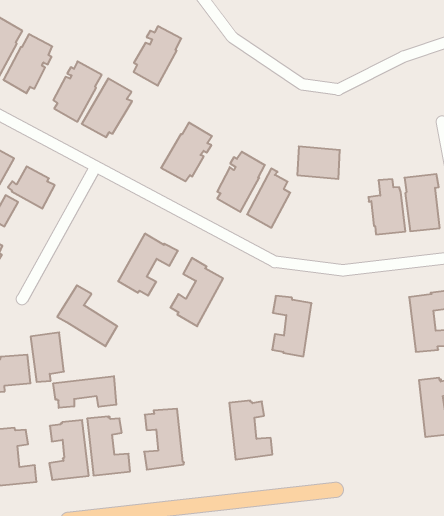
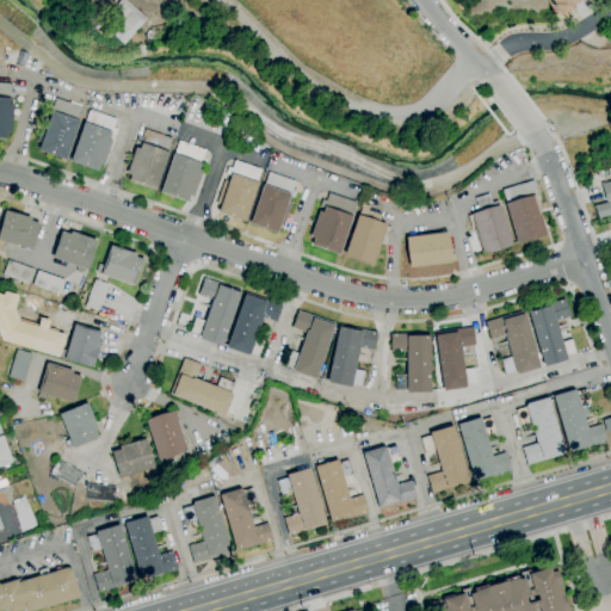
building: [134,26,181,86] -> [220,161,264,222]
building: [297,146,340,179] -> [408,233,455,266]
building: none -> [192,278,242,346]
building: none -> [328,323,379,388]
building: none -> [487,314,542,375]
building: none -> [437,327,479,391]
building: [53,376,116,408] -> none
building: none -> [518,397,567,464]
building: none -> [459,418,513,480]
building: none -> [422,426,471,493]
building: none -> [316,459,370,523]

